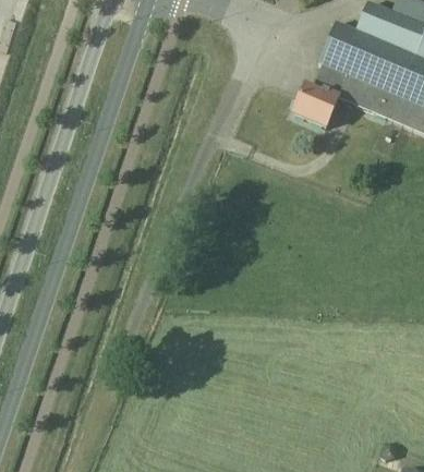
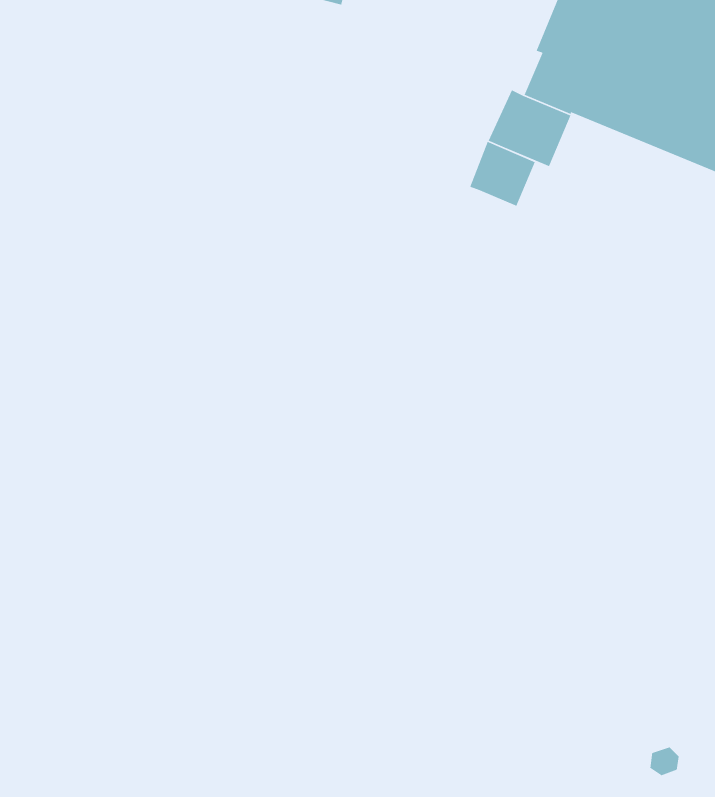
building: none -> [469,141,536,207]

